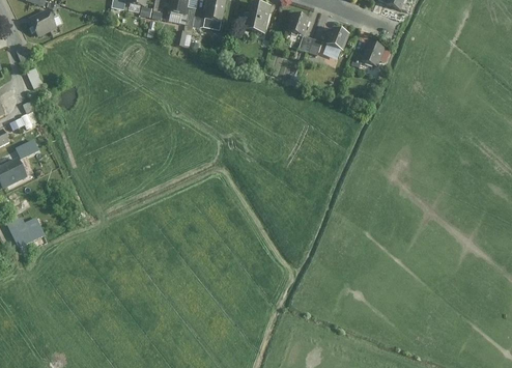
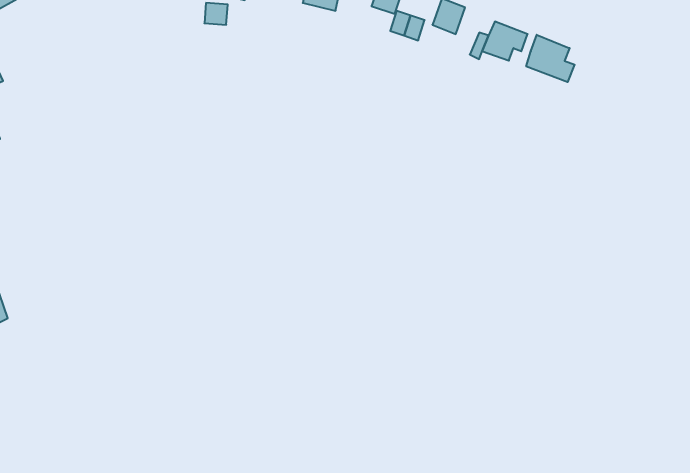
building: none -> [526,35,575,82]

